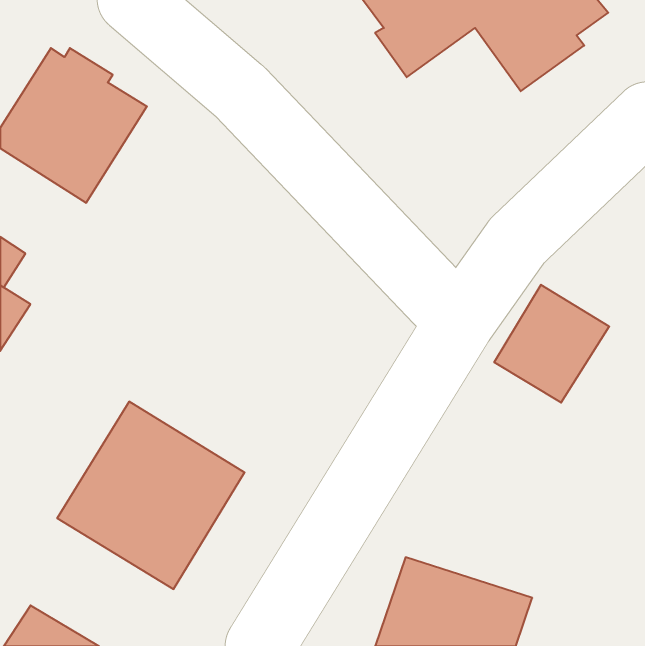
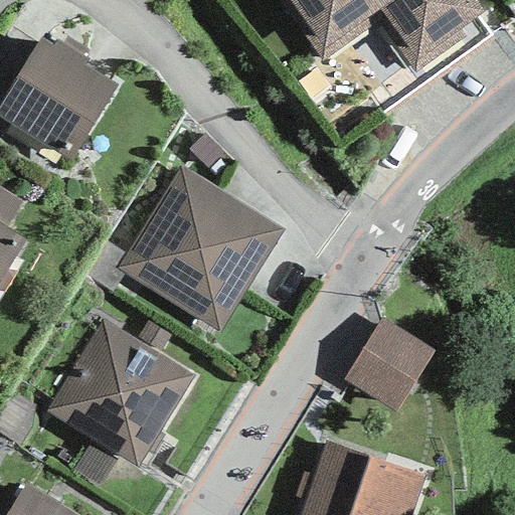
building: none -> [117,165,285,332]
building: [494,285,609,403] -> [345,317,437,410]

